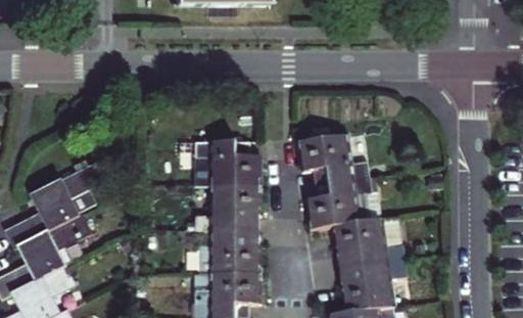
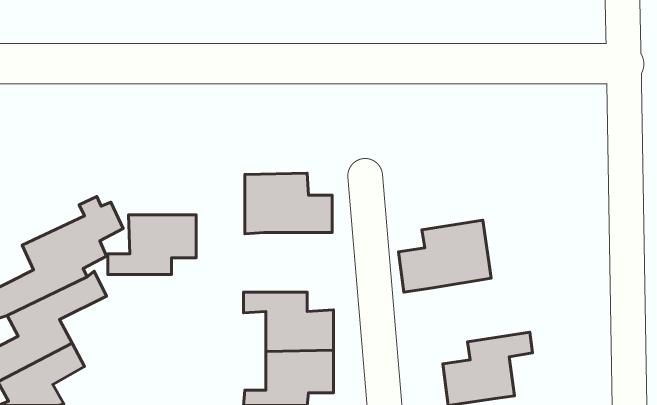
building: [302,135,373,184] -> none
building: [196,186,262,230] -> [108,215,196,274]
building: [336,219,408,267] -> none

